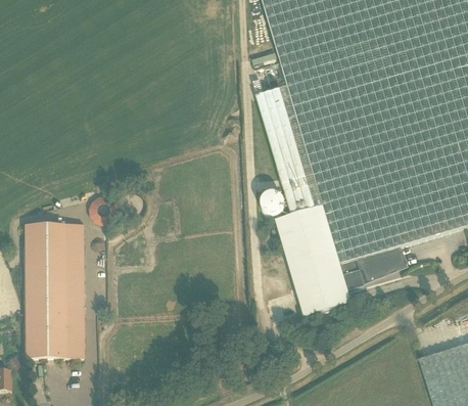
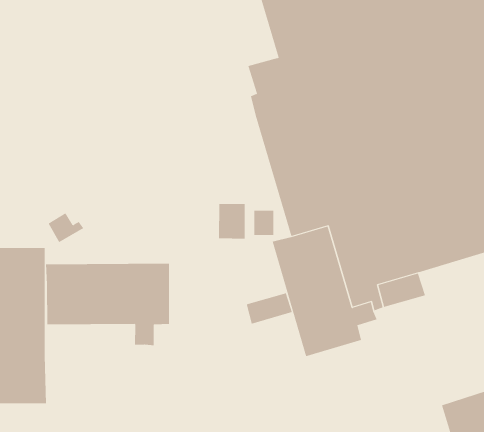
building: none -> [219,203,245,239]
building: none -> [46,263,170,346]
building: none -> [246,293,292,324]

